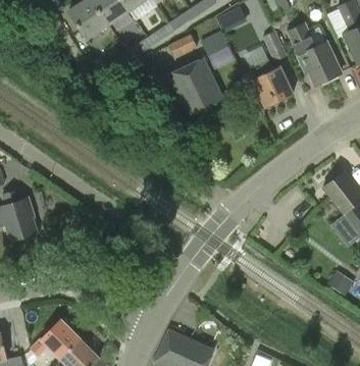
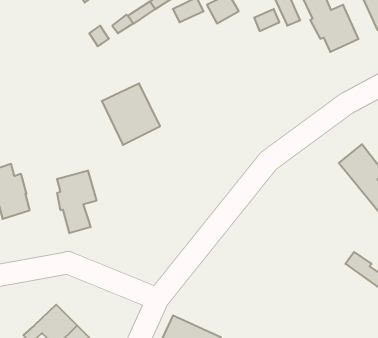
building: [168,58,222,115] -> [102,83,160,145]
building: [248,59,293,107] -> none
building: none -> [57,170,96,233]

